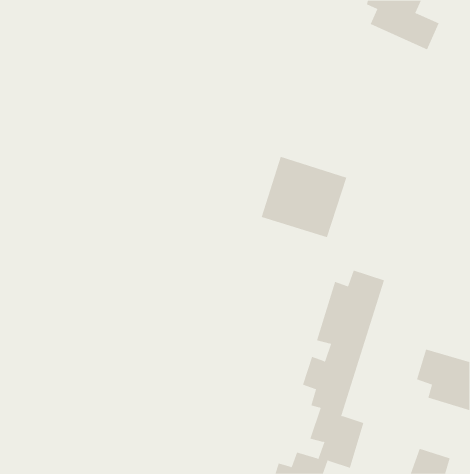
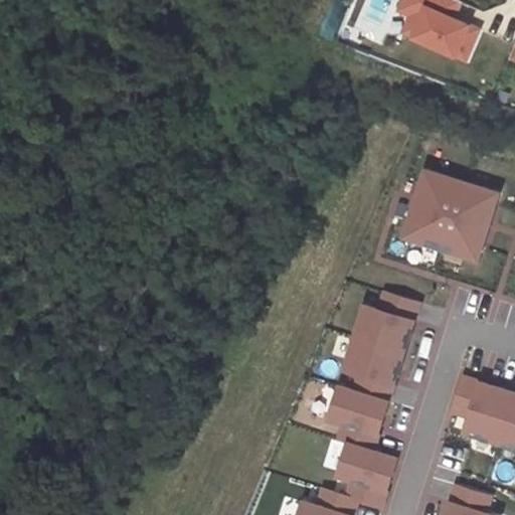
building: [261,156,347,238] -> [403,171,497,260]

